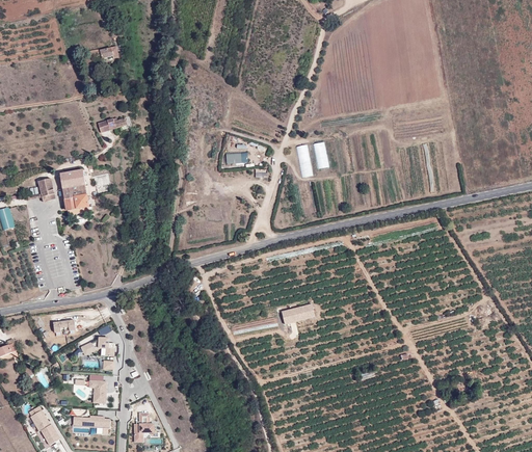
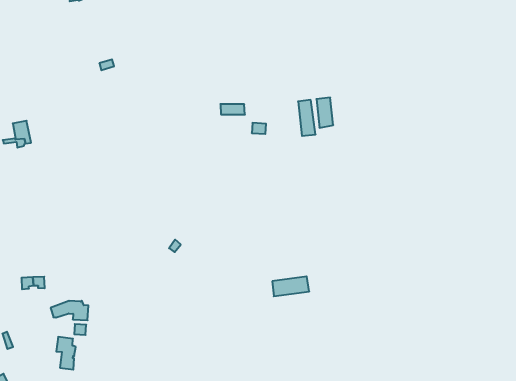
building: [59,168,88,210] -> none

